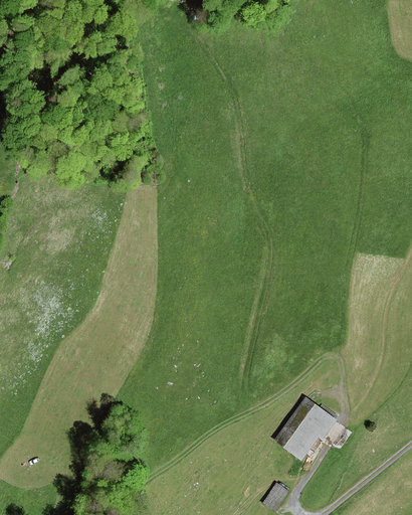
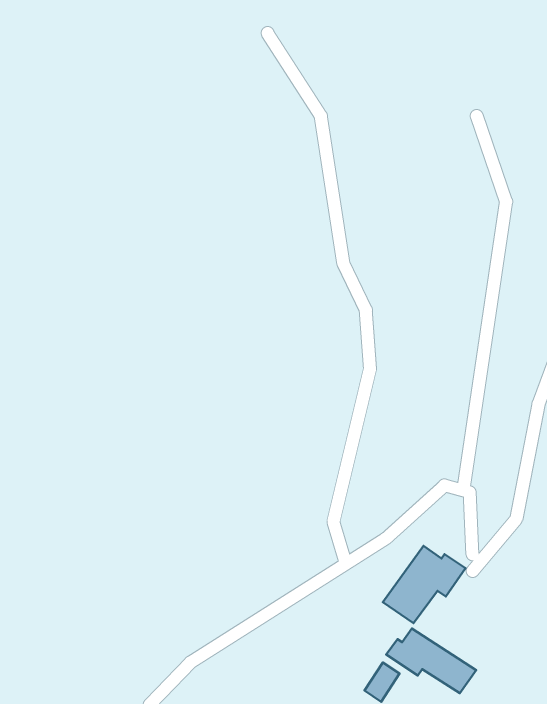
building: none -> [386,628,476,693]

